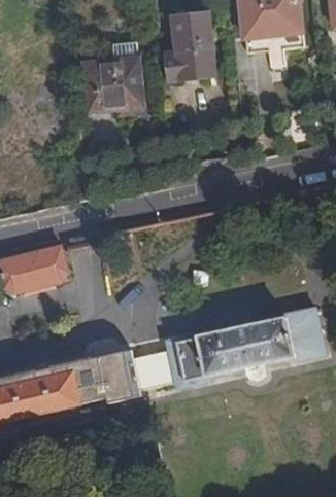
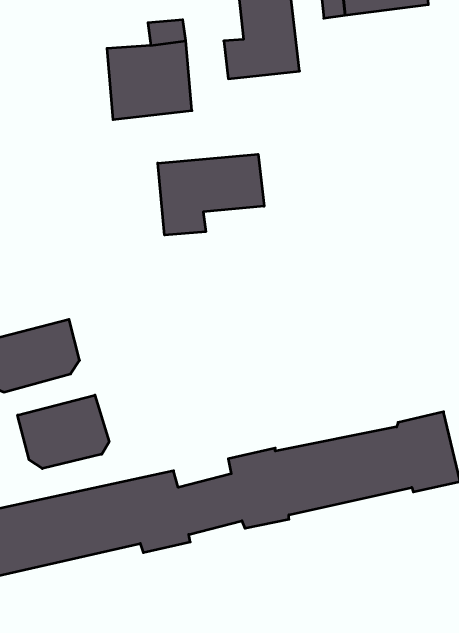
building: none -> [158,154,264,235]
building: none -> [18,395,109,469]

